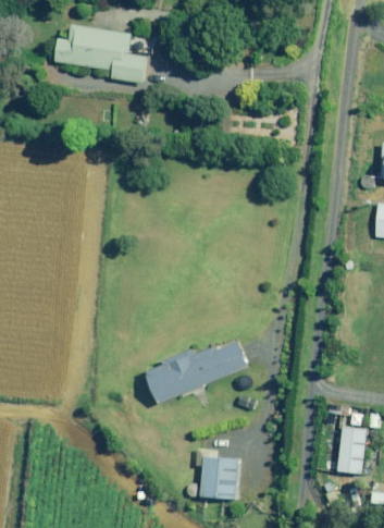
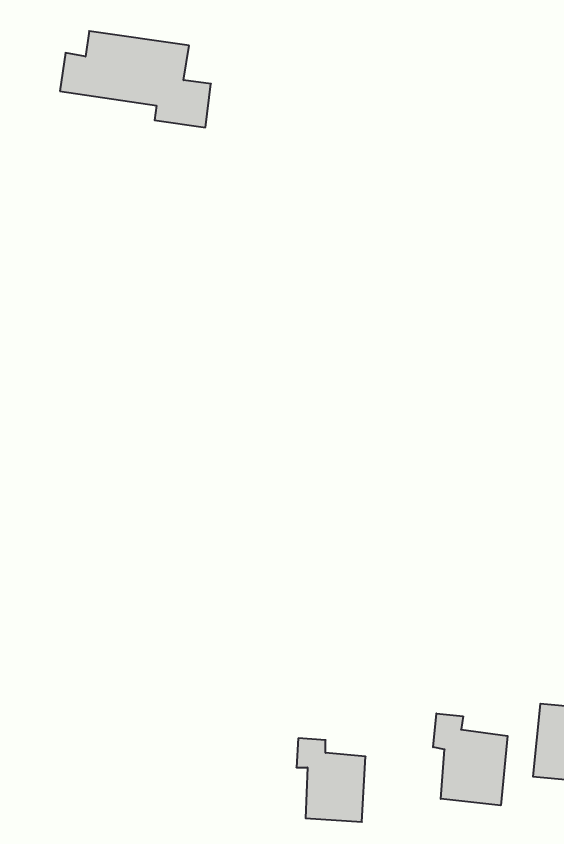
building: [145,340,247,403] -> none
building: none -> [433,713,508,805]

